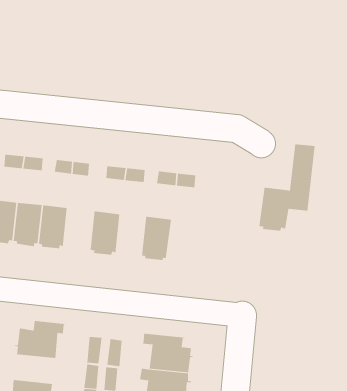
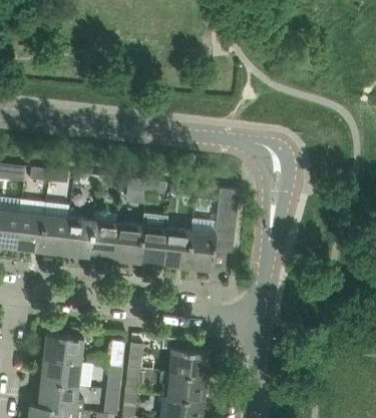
building: [259,144,315,231] -> [185,188,240,272]
building: none -> [87,212,117,261]
building: none -> [137,225,165,267]
building: none -> [37,358,80,386]

